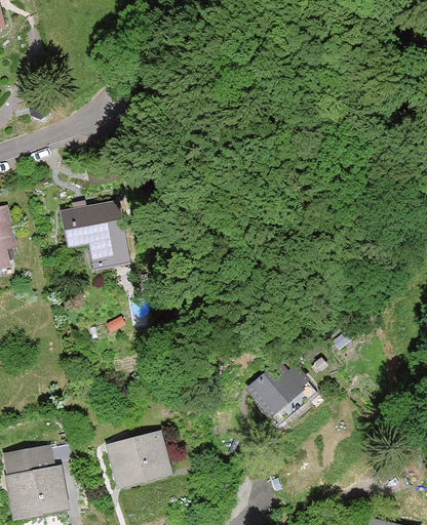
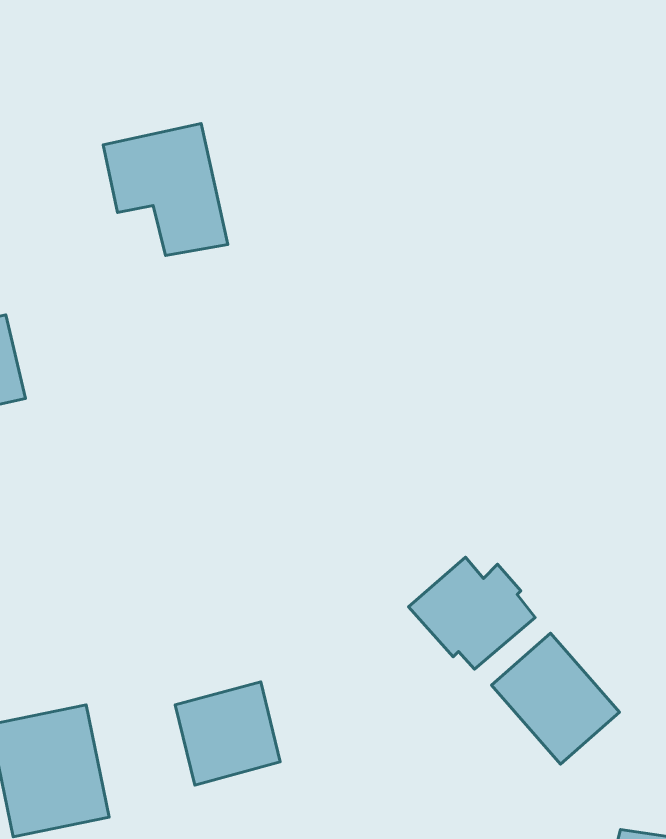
building: [61,196,132,272] -> [103,123,228,255]
building: none -> [491,633,620,764]

